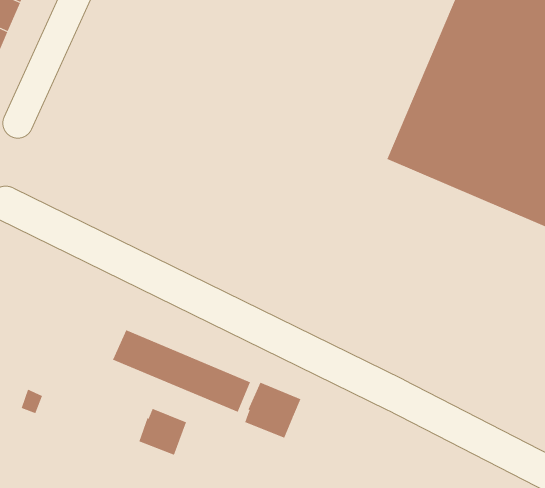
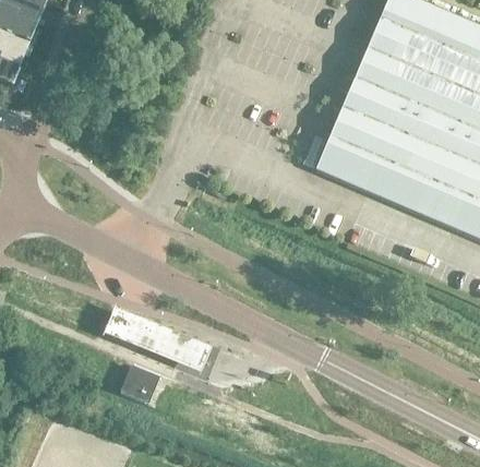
building: [244,382,301,438] -> none

